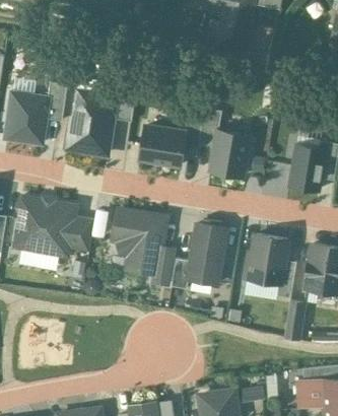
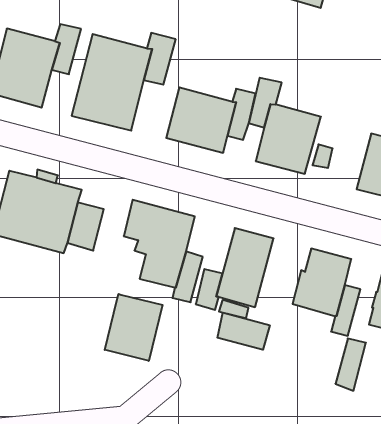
building: none -> [105,294,163,361]
building: none -> [217,313,270,350]

